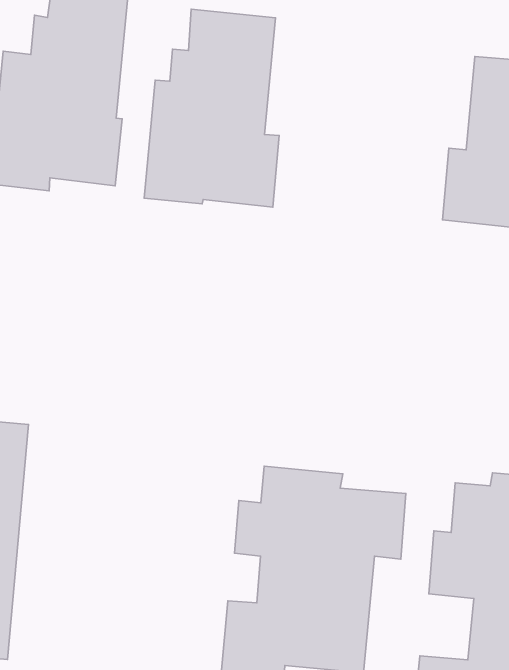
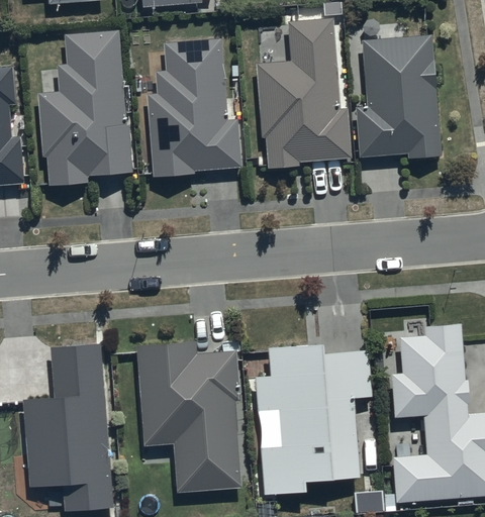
building: none -> [256,19,351,170]
building: none -> [138,343,240,492]

